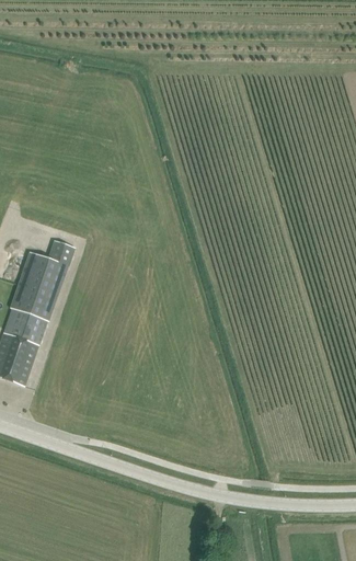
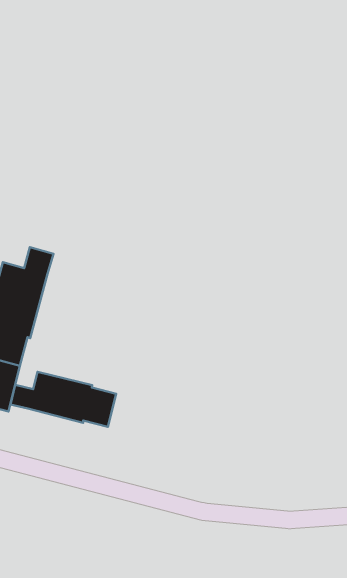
building: none -> [10,372,116,427]

